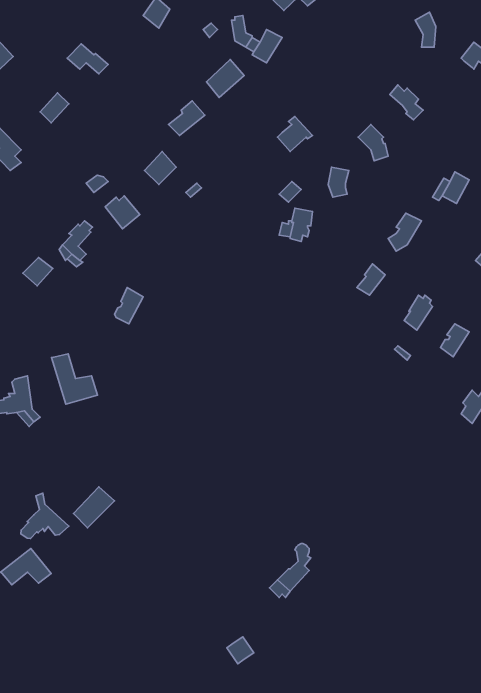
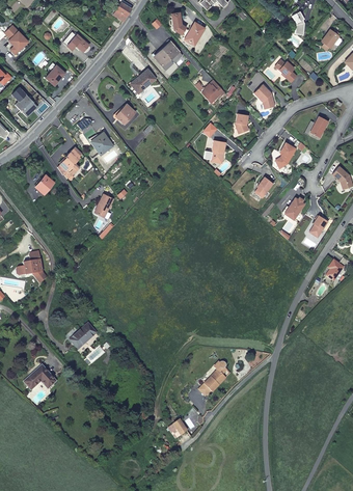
building: [52,354,98,404] -> none
building: [21,493,69,539] -> none

